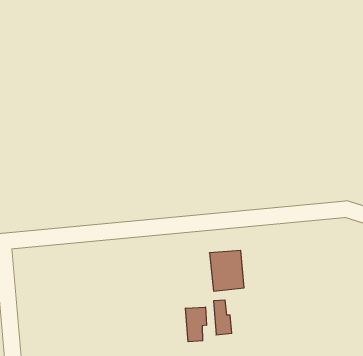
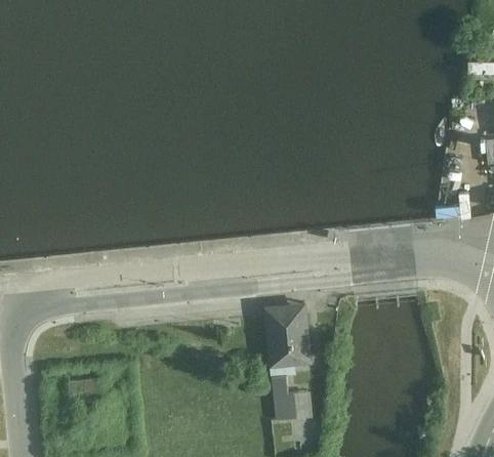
building: [186,307,206,342] -> none

